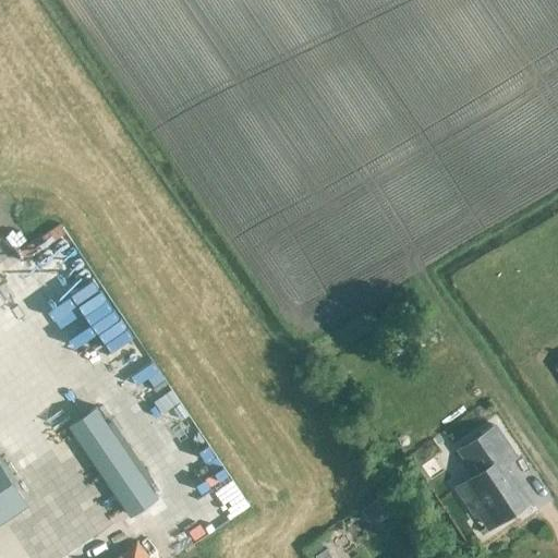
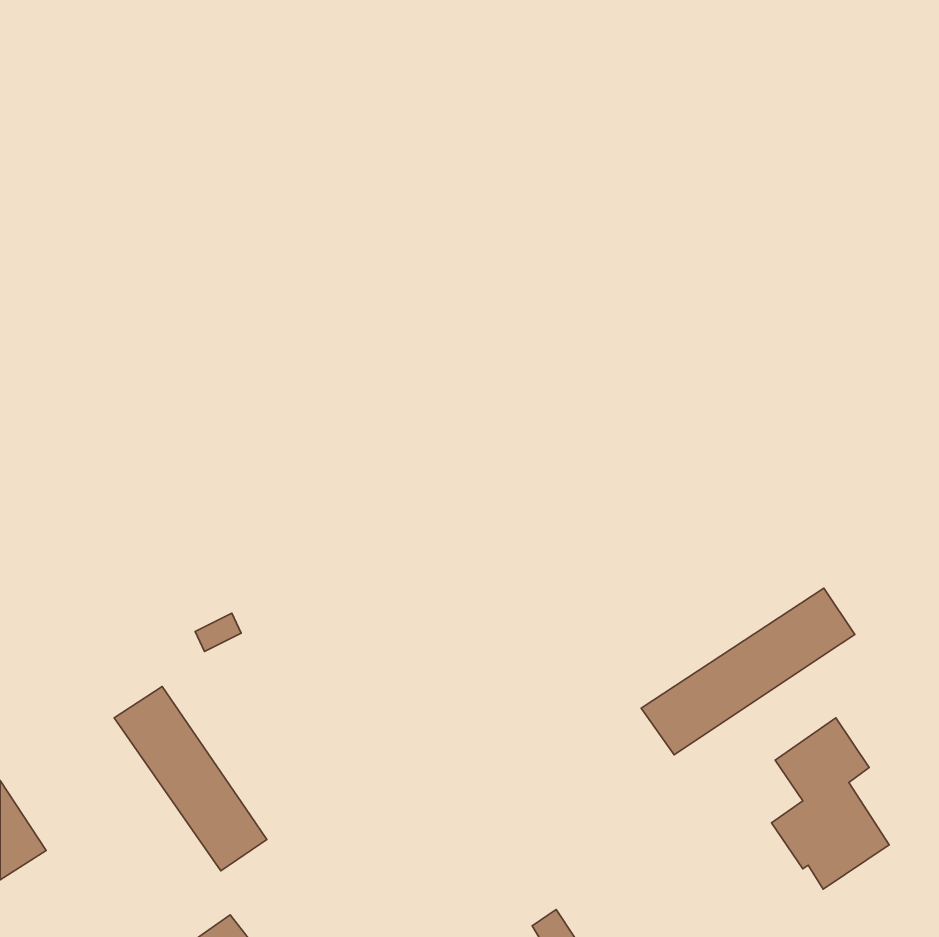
building: none -> [641,588,855,755]

